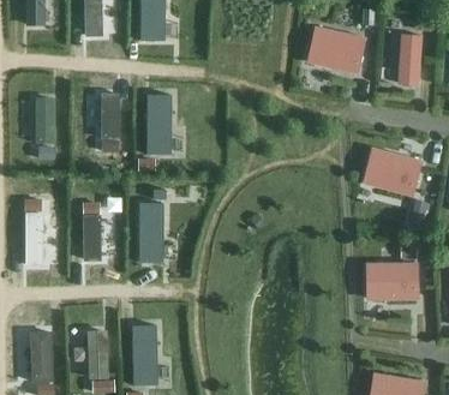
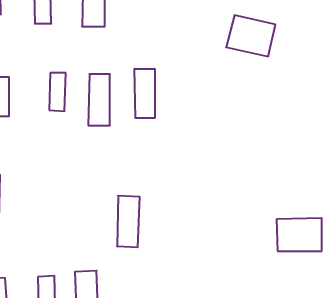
building: [397,35,423,88] -> none
building: none -> [135,69,155,118]
building: [364,148,423,197] -> none
building: [138,203,164,263] -> [117,196,140,247]
building: [82,215,102,261] -> none

